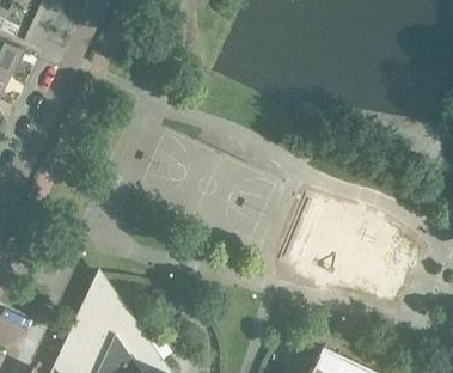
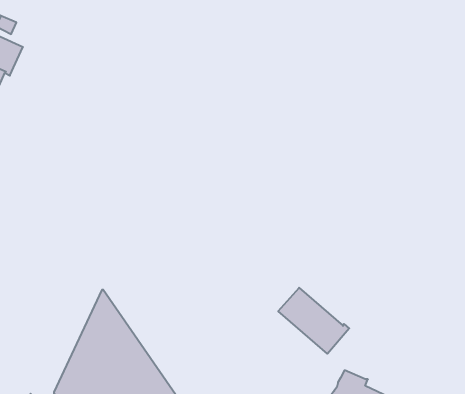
building: none -> [278,288,349,354]

